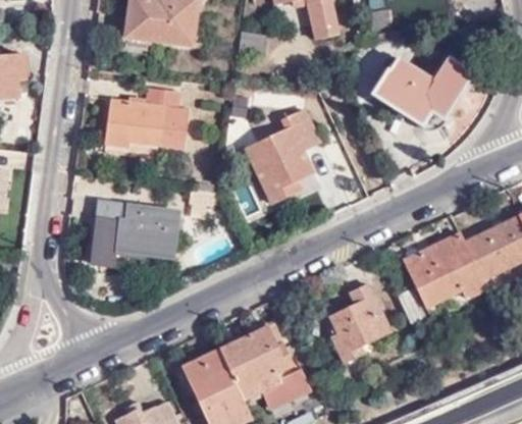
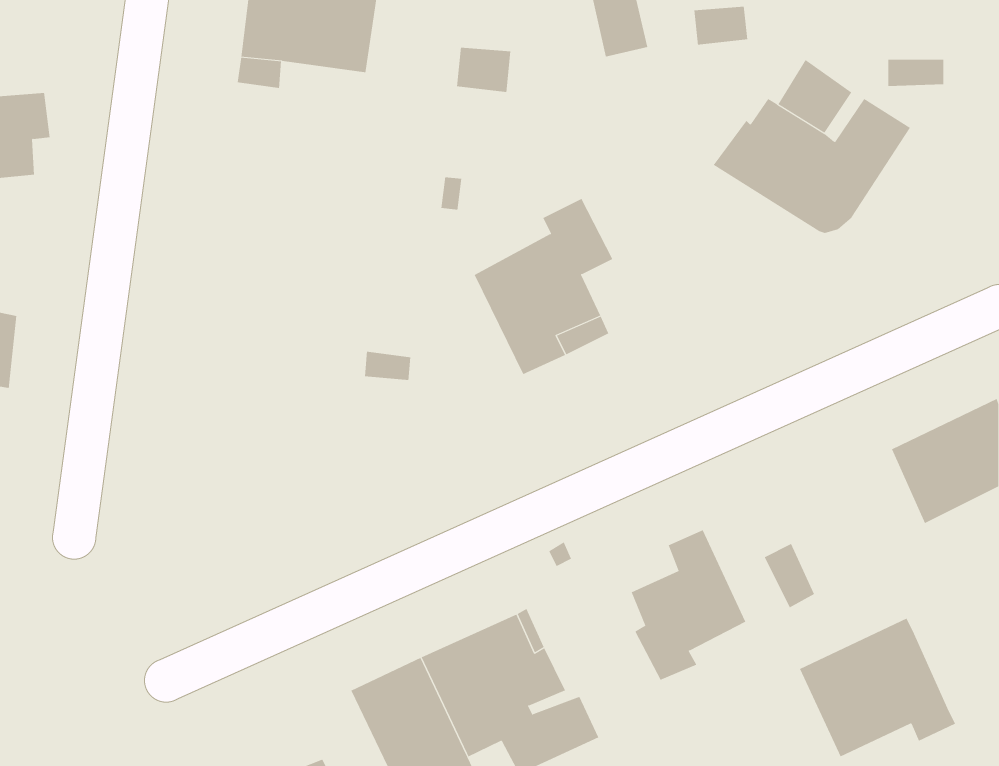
building: [104,88,190,148] -> none
building: [92,201,176,266] -> none
building: [404,232,485,305] -> [799,618,956,757]

